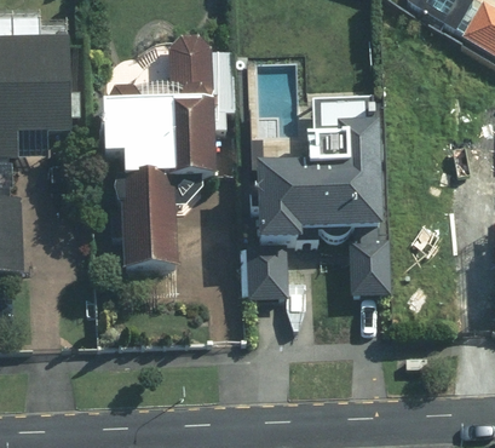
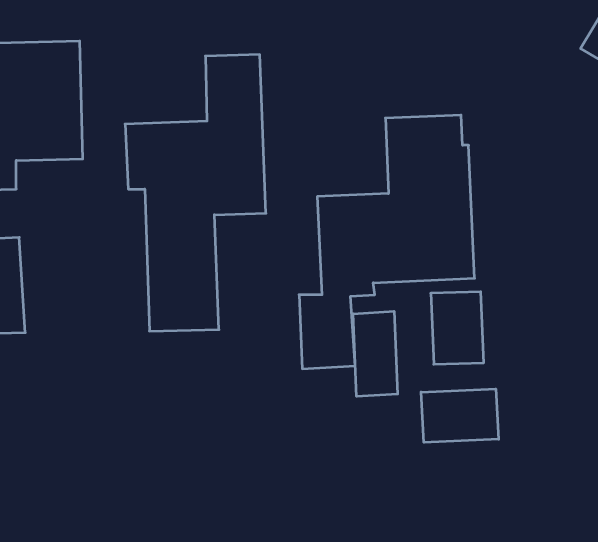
building: none -> [353,311,398,396]
building: none -> [421,389,499,442]

